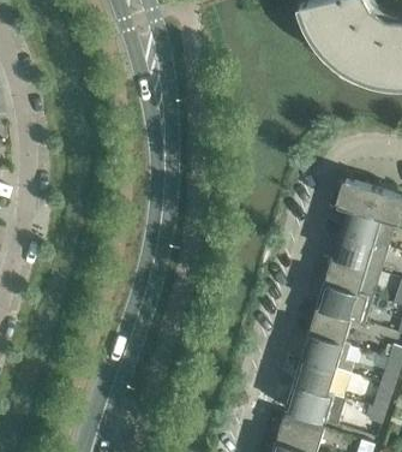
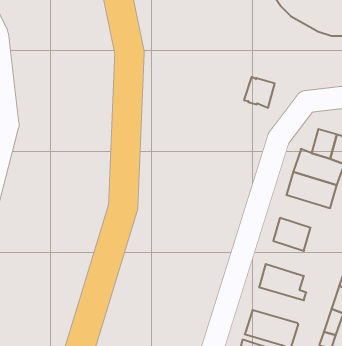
building: [332,178,366,212] -> [244,77,275,108]
building: [324,257,379,297] -> none
building: [308,308,350,344] -> none
building: [294,358,350,398] -> none

